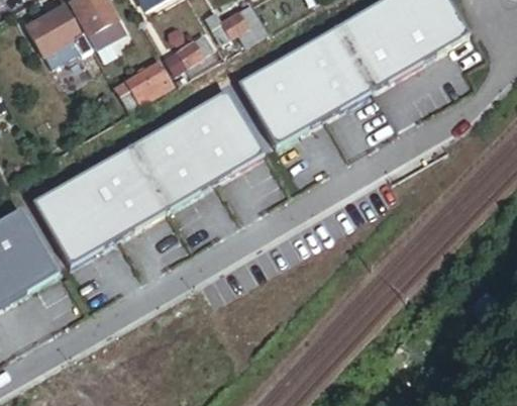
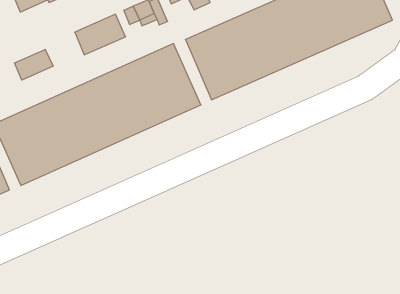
building: none -> [14,49,53,80]

